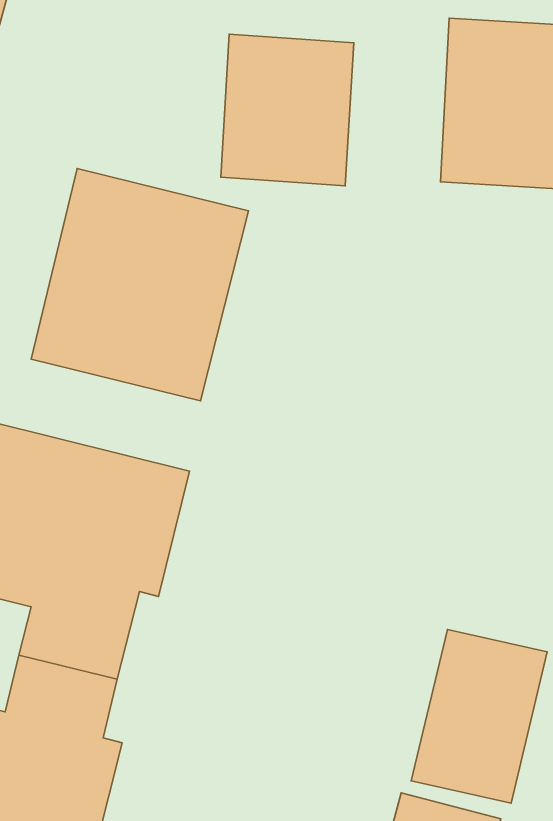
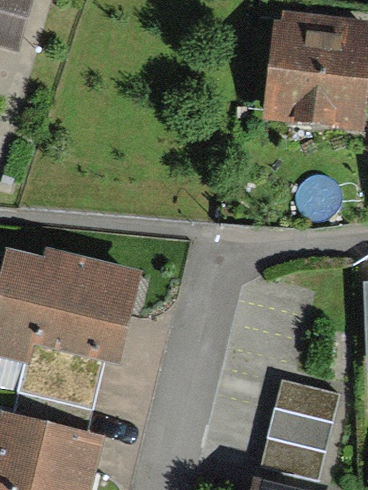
building: [221,34,354,186] -> none
building: [31,169,249,401] -> none

